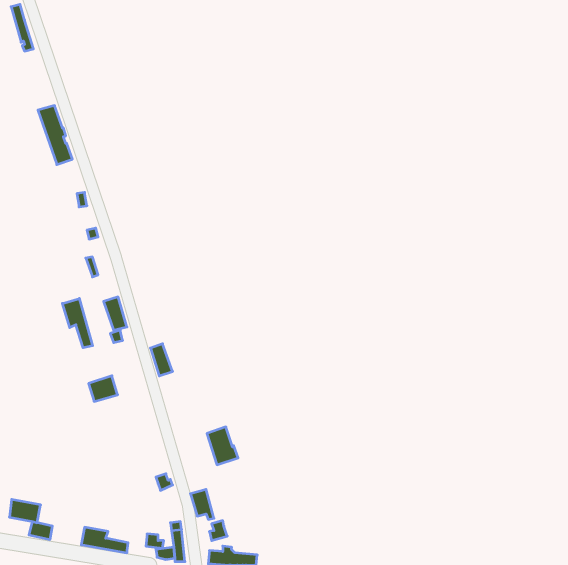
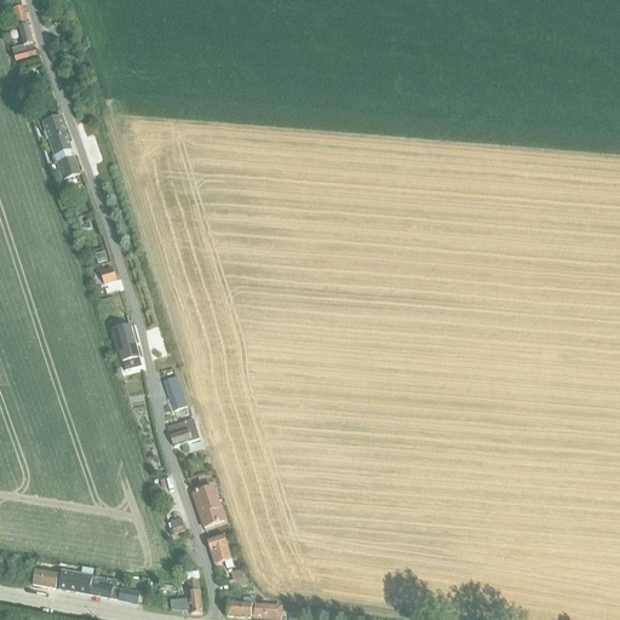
building: [62,298,93,348] -> none
building: [89,376,118,401] -> [167,417,199,444]
building: [207,427,238,465] -> [193,484,226,526]
building: [9,499,41,523] -> [58,568,92,593]

